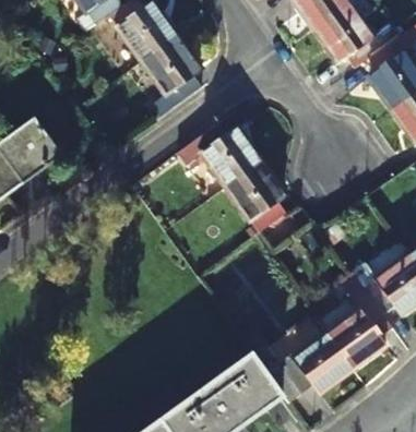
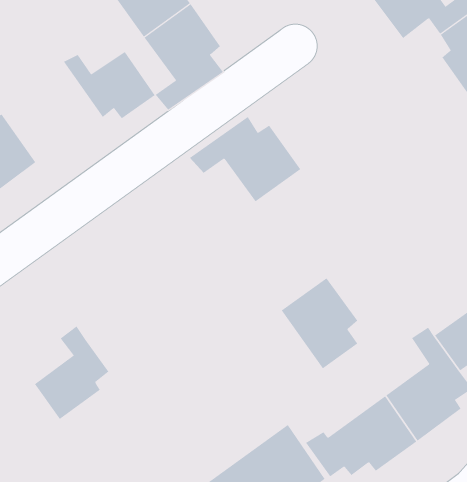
building: none -> [63,51,156,119]
building: [227,159,286,229] -> [281,277,358,369]
building: none -> [34,326,109,420]

